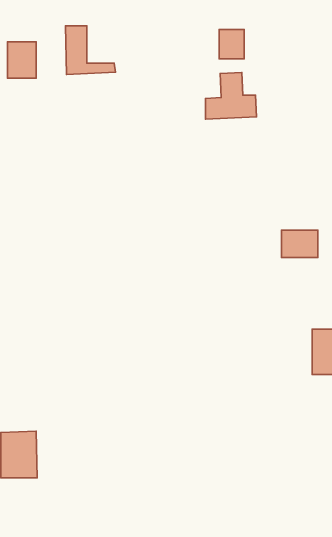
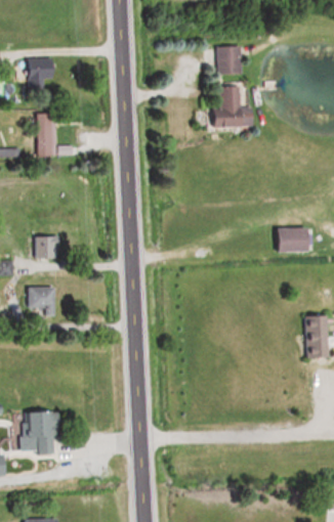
building: [65,26,115,75] -> [38,112,83,156]
building: none -> [35,236,55,260]
building: none -> [28,287,57,316]

